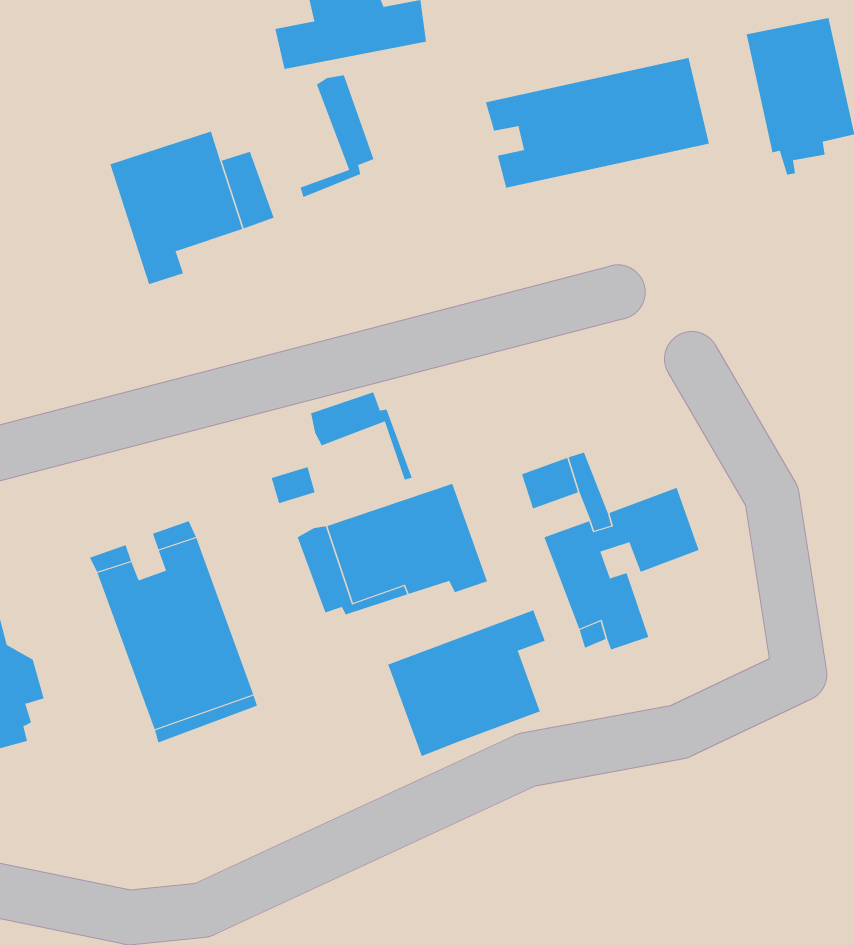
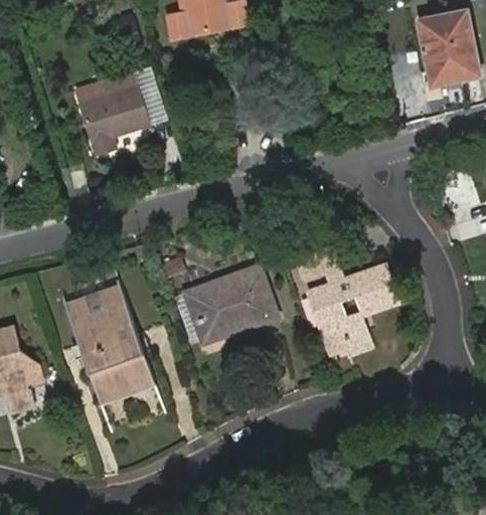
building: [485,57,709,189] -> none
building: [300,75,374,198] -> none
building: [310,391,412,480] -> none
building: [387,609,546,757] -> none

